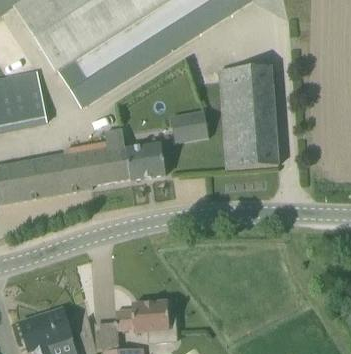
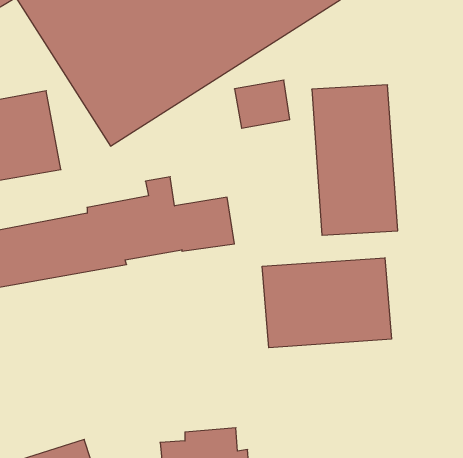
building: [170,109,208,142] -> [234,80,290,128]
building: none -> [262,258,391,348]

